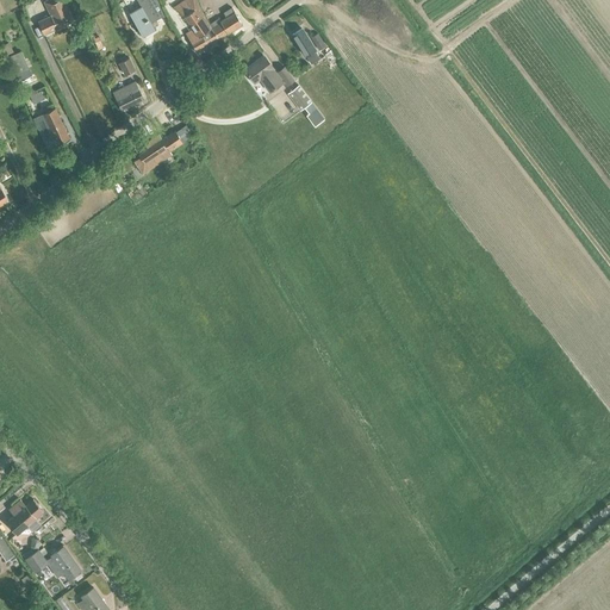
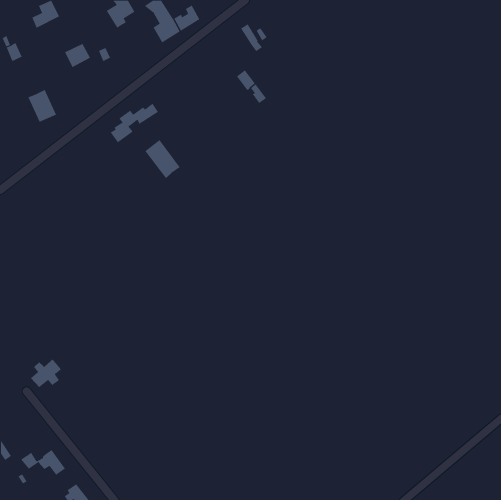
building: [244,56,293,92] -> none
building: [112,82,144,112] -> [64,43,91,68]
building: none -> [145,139,181,179]
building: [5,499,43,535] -> [30,358,62,388]

